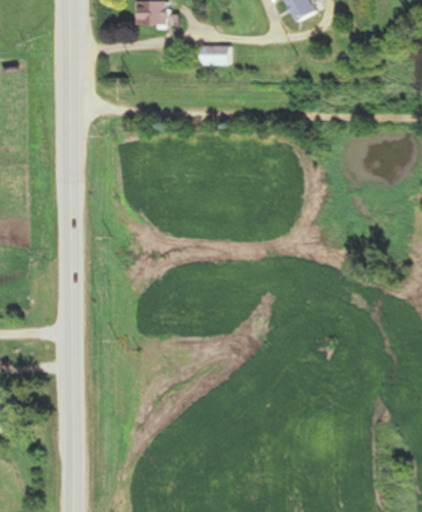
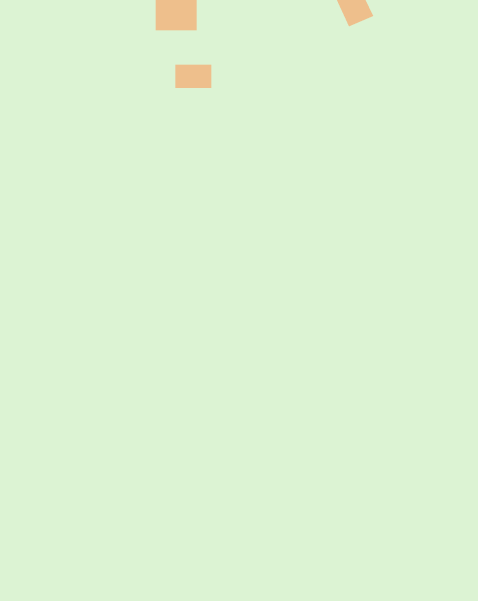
building: [197,45,228,65] -> [175,64,212,88]

